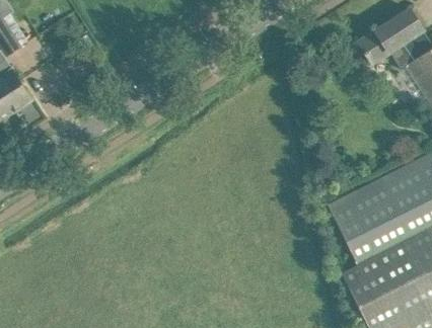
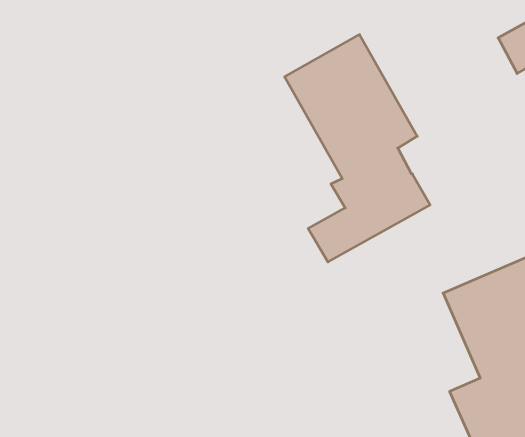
building: none -> [285,35,430,262]

